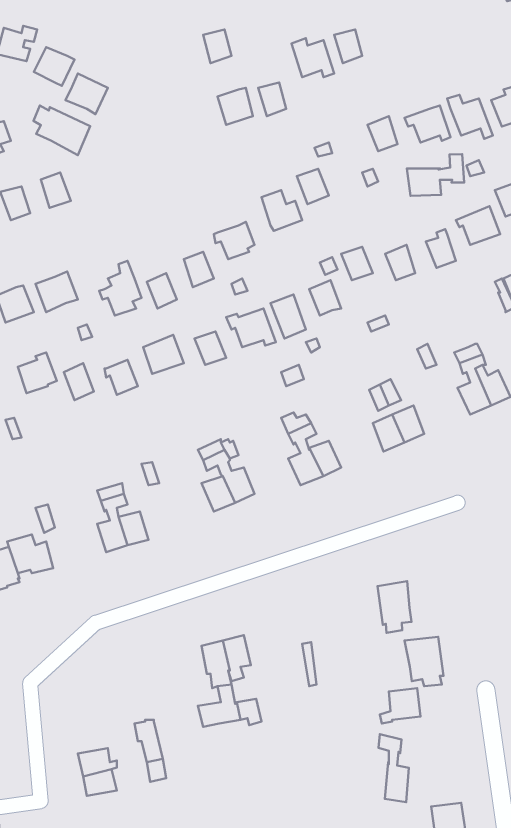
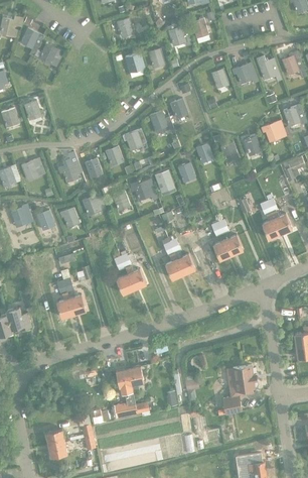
building: [34,106,90,155] -> none
building: [407,154,464,196] -> none
building: [378,581,411,633] -> none
building: [378,734,409,802] -> none

